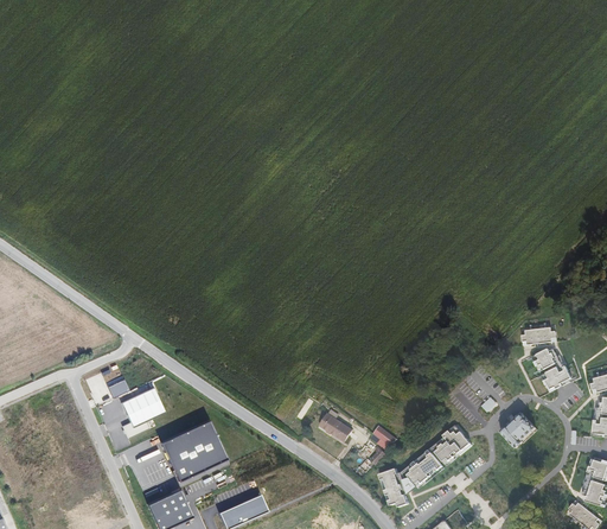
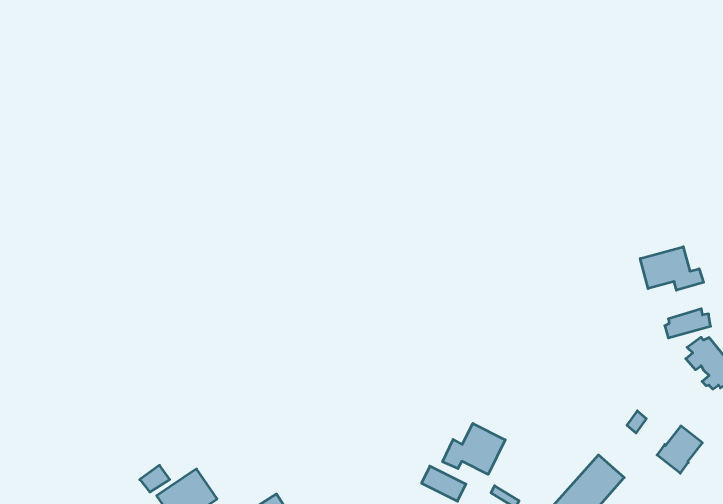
building: none -> [640,247,704,290]
building: none -> [443,423,505,474]

